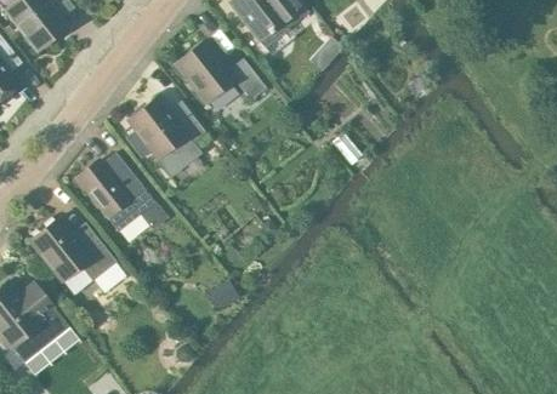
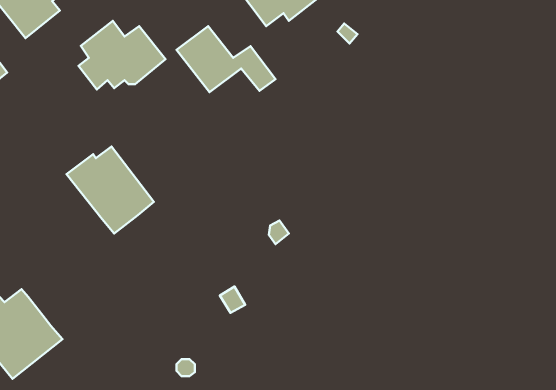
building: [125,97,205,160] -> [78,21,166,89]
building: [30,217,116,281] -> none

